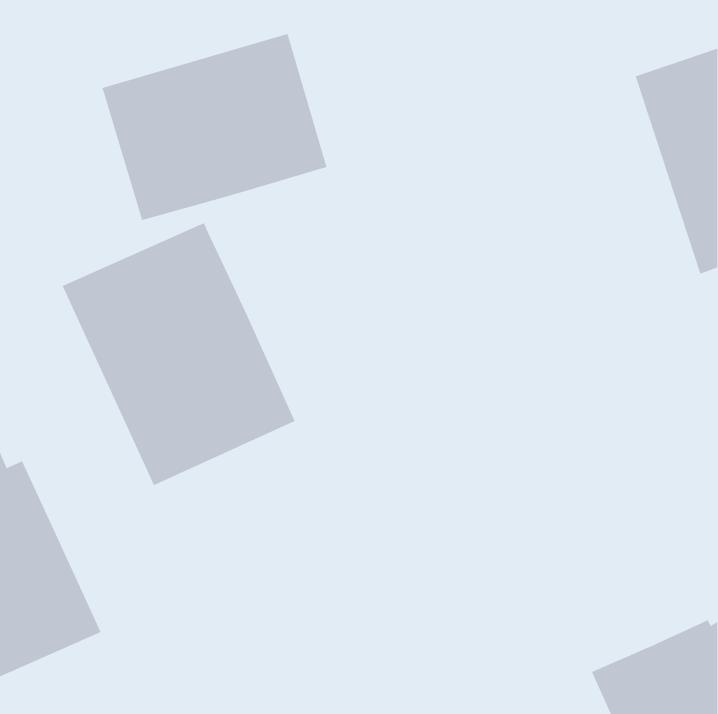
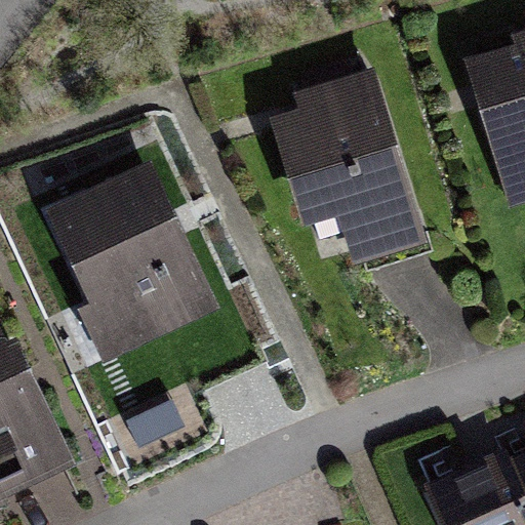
building: [102,33,327,221] -> none
building: none -> [270,69,428,267]

